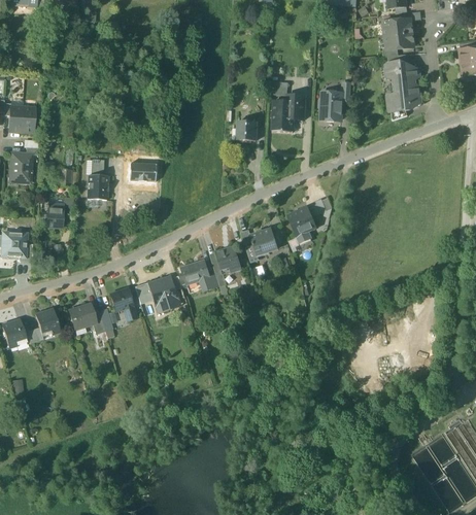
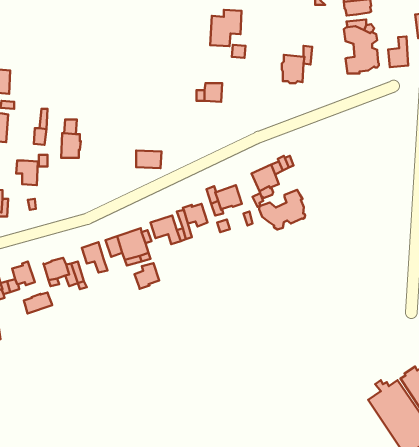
building: none -> [388,36,408,67]
building: [272,94,305,132] -> [210,10,241,46]
building: [129,162,156,180] -> [136,151,162,168]
building: none -> [259,190,305,230]
building: none -> [135,263,159,289]
building: none -> [24,292,52,314]

